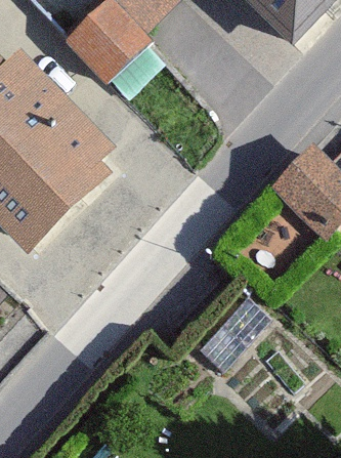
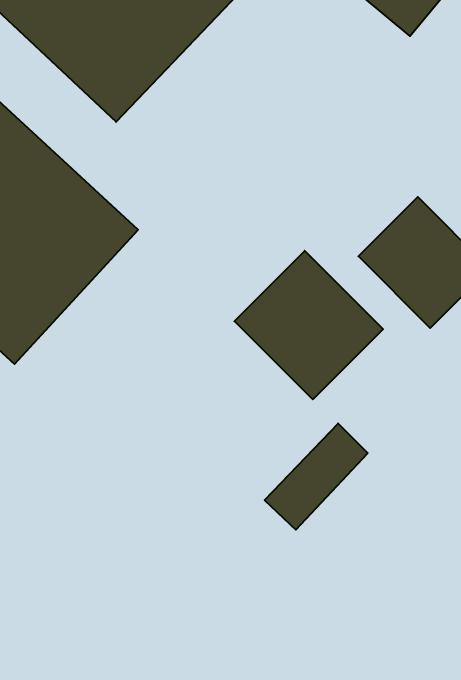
building: none -> [234,251,383,399]

